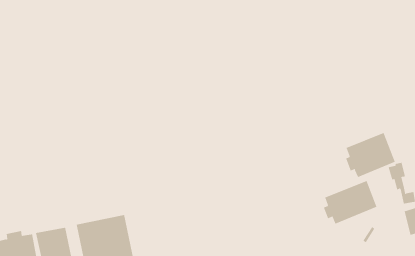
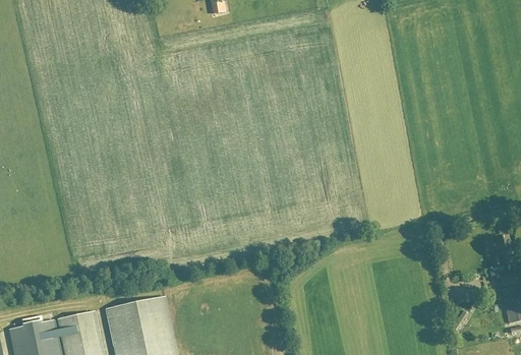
building: [345,132,395,178] -> none
building: [323,180,377,225] -> none

